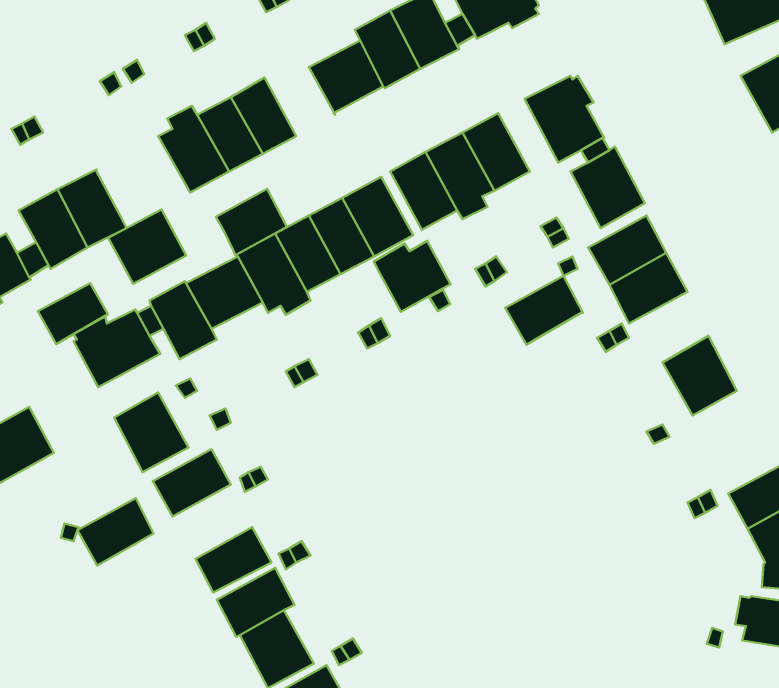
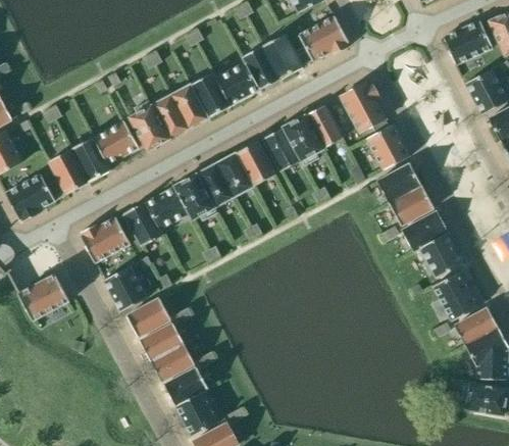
building: none -> [191,71,232,116]
building: [216,189,287,255] -> none
building: [108,209,186,284] -> [94,120,139,163]
building: [374,241,451,312] -> none
building: [505,276,583,345] -> [403,210,448,250]
building: [38,283,108,344] -> none
building: none -> [434,270,479,320]
building: [78,498,154,565] -> [140,321,184,360]

